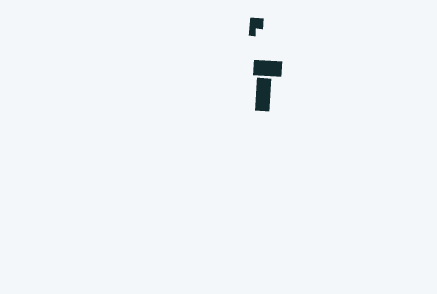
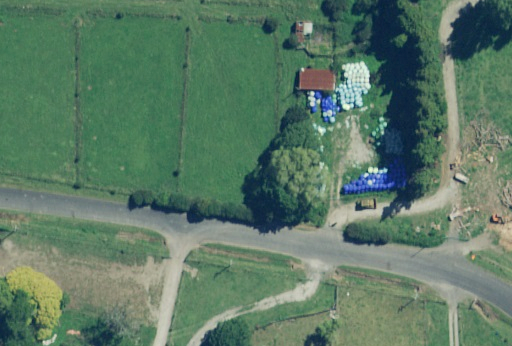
building: [254,77,272,112] -> none

